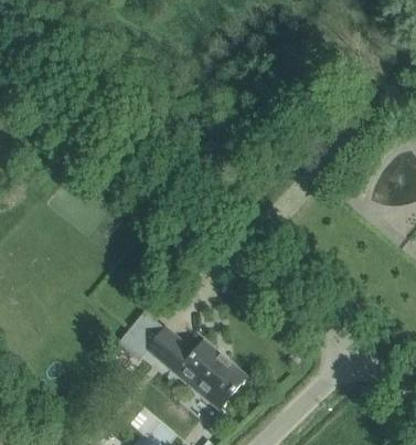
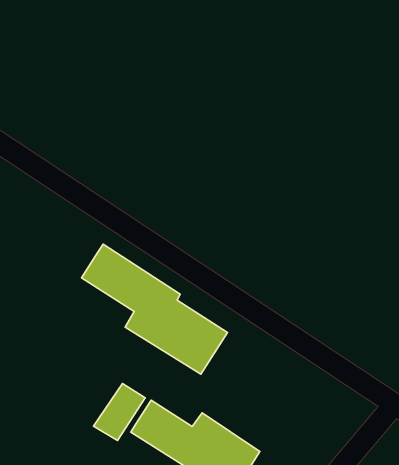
building: none -> [81,244,228,374]

